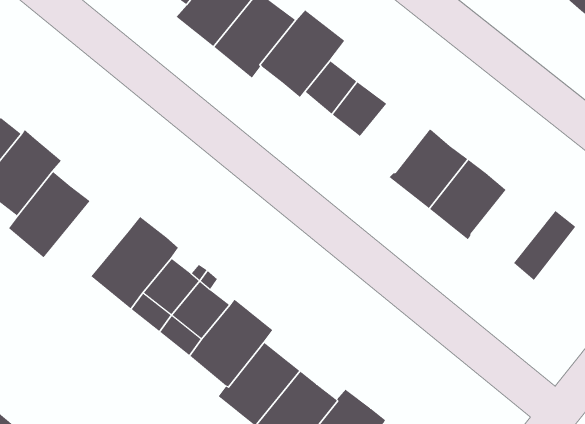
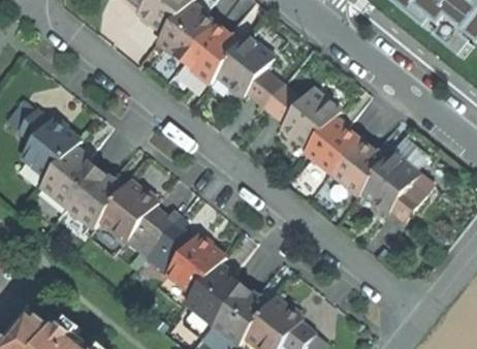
building: none -> [282,89,340,149]
building: none -> [361,152,419,214]
building: none -> [67,168,125,228]

